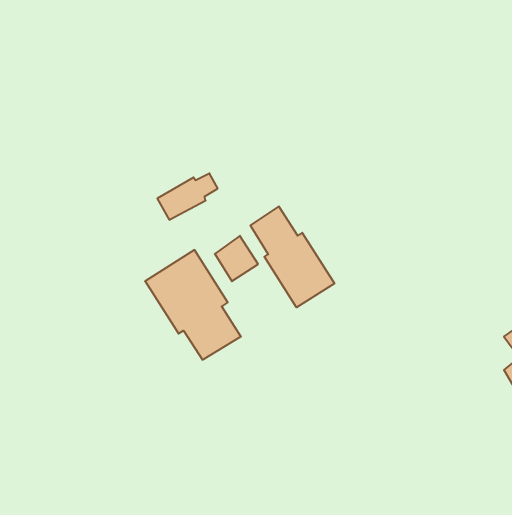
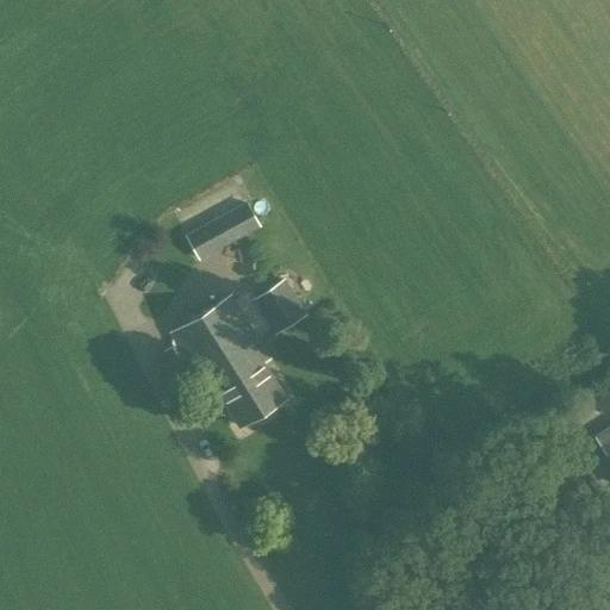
building: [250,206,334,307] -> none

